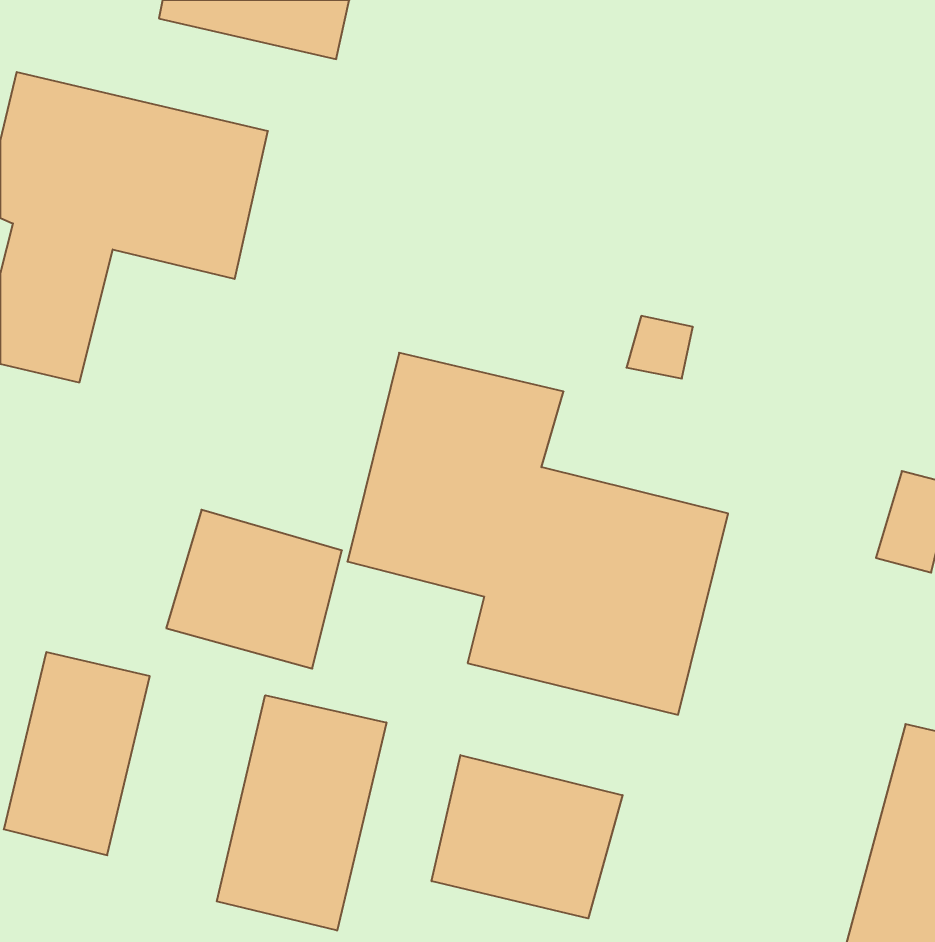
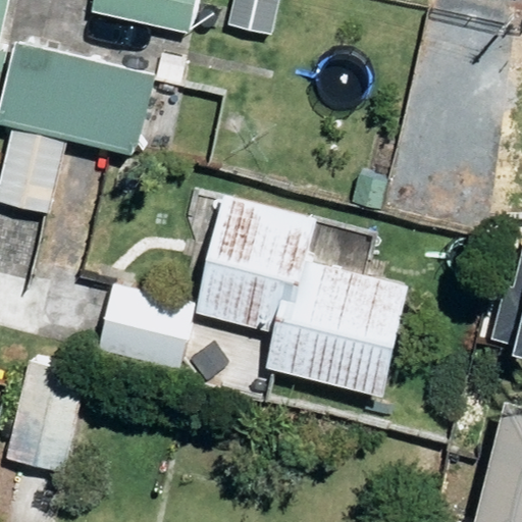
building: [217,695,386,931] -> none
building: [432,755,623,918] -> none

